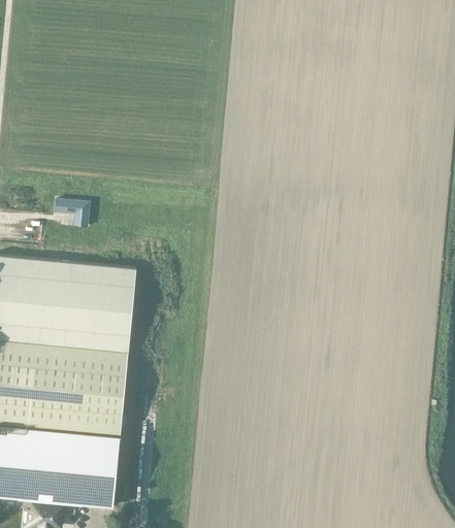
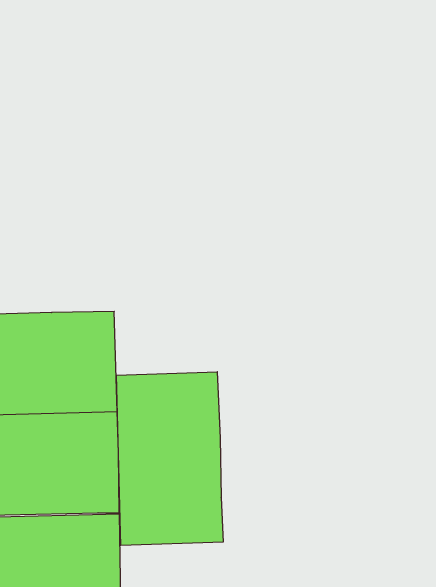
building: [55,199,88,227] -> none
building: none -> [116,372,223,545]

